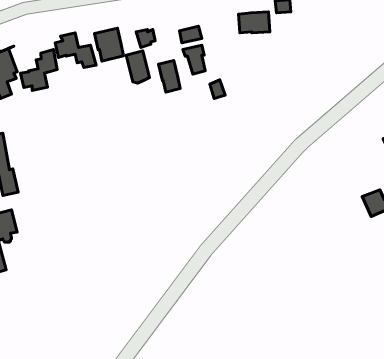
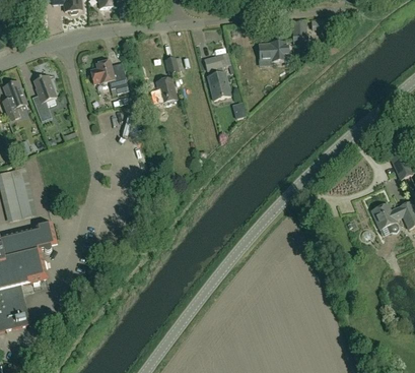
building: [95,28,123,61] -> none
building: [20,50,57,91] -> none
building: [159,60,180,92] -> none

